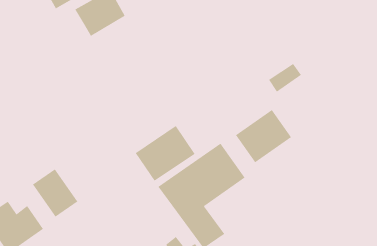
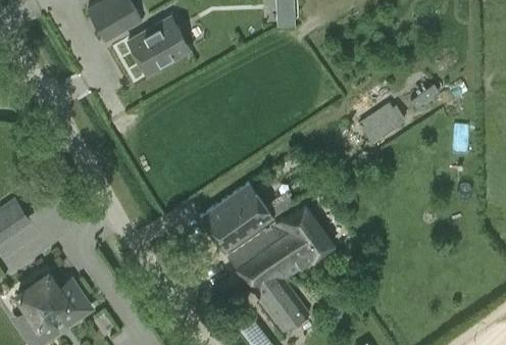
building: [235,109,292,163] -> none
building: [32,168,78,218] -> none

